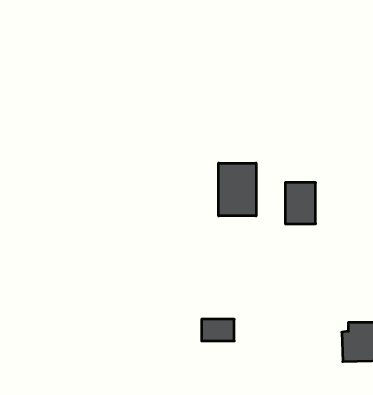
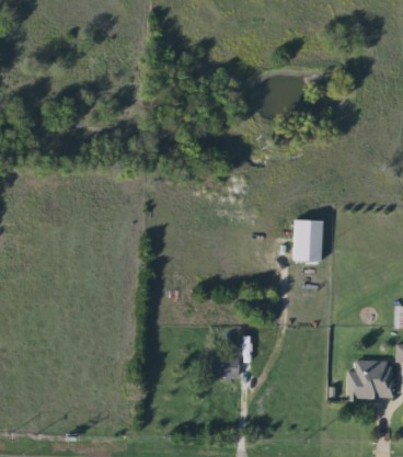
building: [219,163,256,216] -> none

